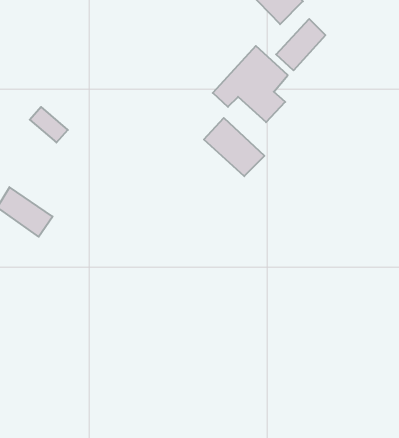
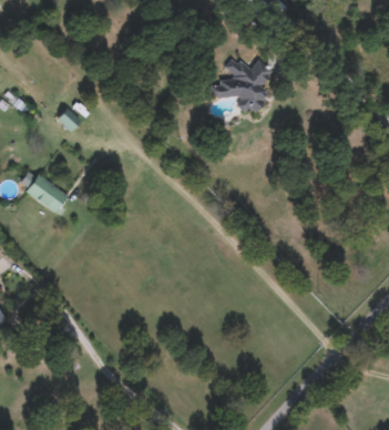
building: [276,19,325,70] -> none
building: [204,118,264,176] -> none

